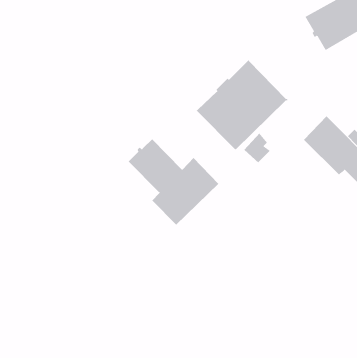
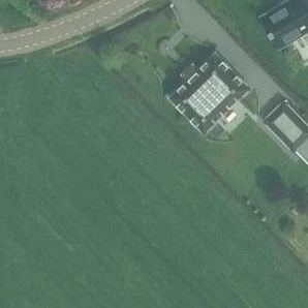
building: [128,138,219,225] -> none

